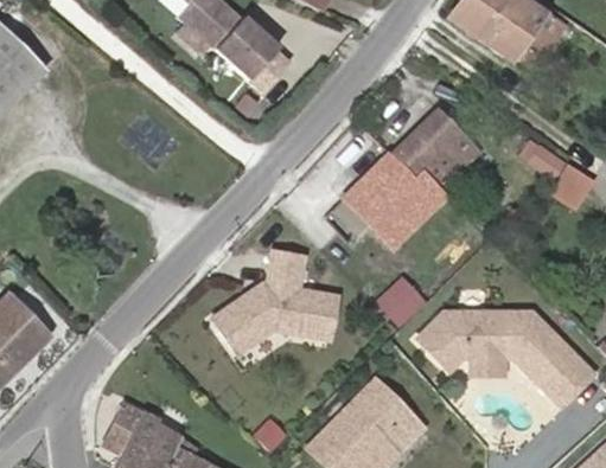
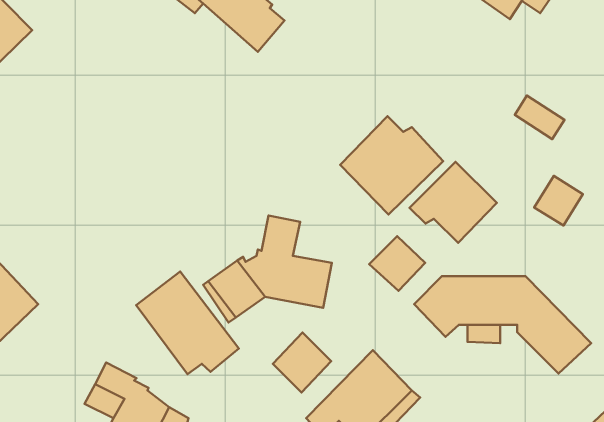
building: [393,109,478,188] -> [410,162,497,243]
building: [549,159,597,207] -> [534,176,583,226]
building: none -> [136,272,239,374]
building: none -> [273,332,331,393]

